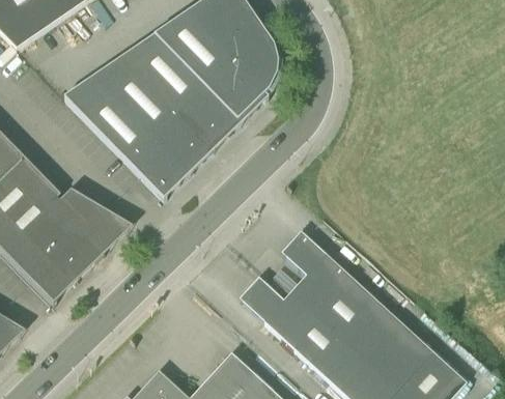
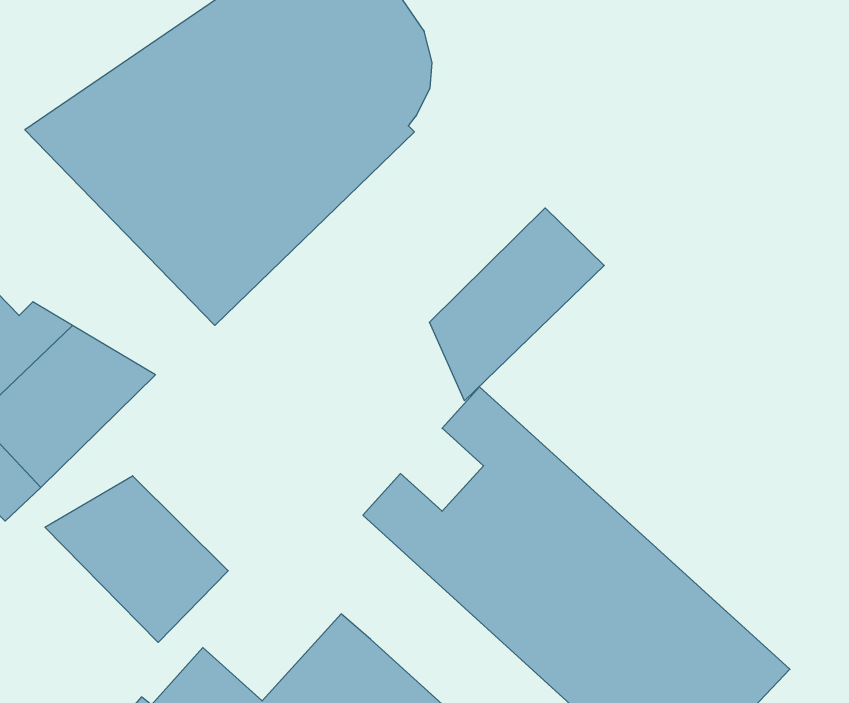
building: none -> [430,208,604,401]
building: none -> [45,476,228,642]

